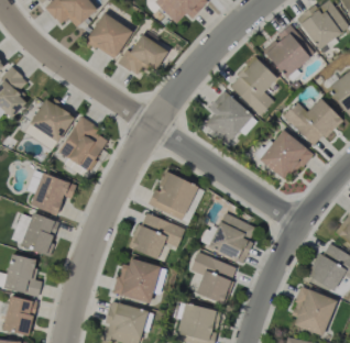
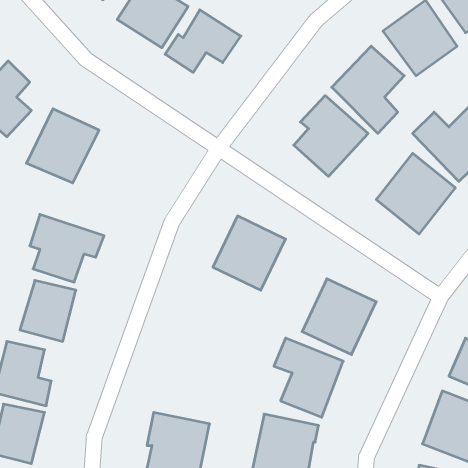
building: [58,115,108,170] -> none
building: [131,212,185,261] -> none
building: [114,256,160,302] -> none

